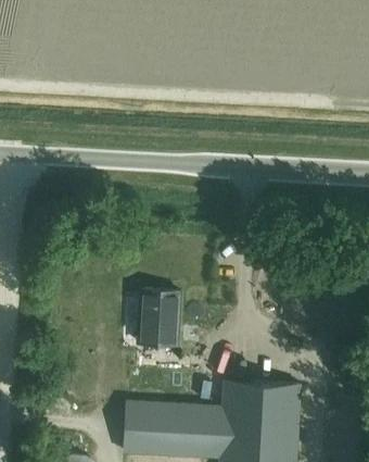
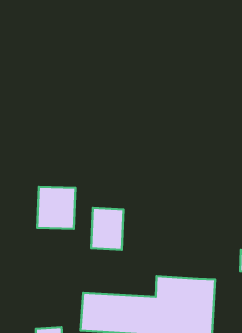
building: none -> [37,187,75,229]

